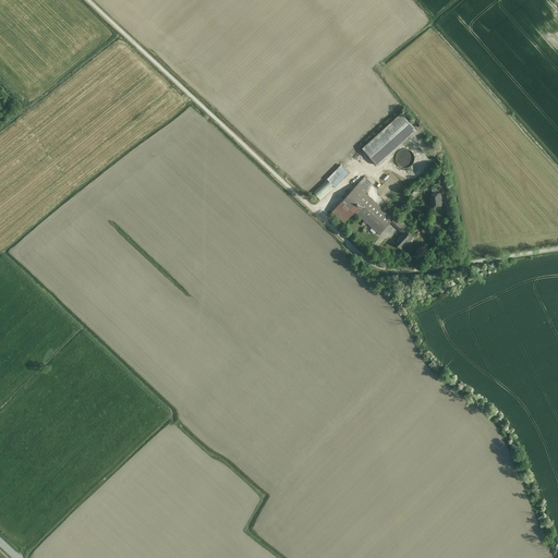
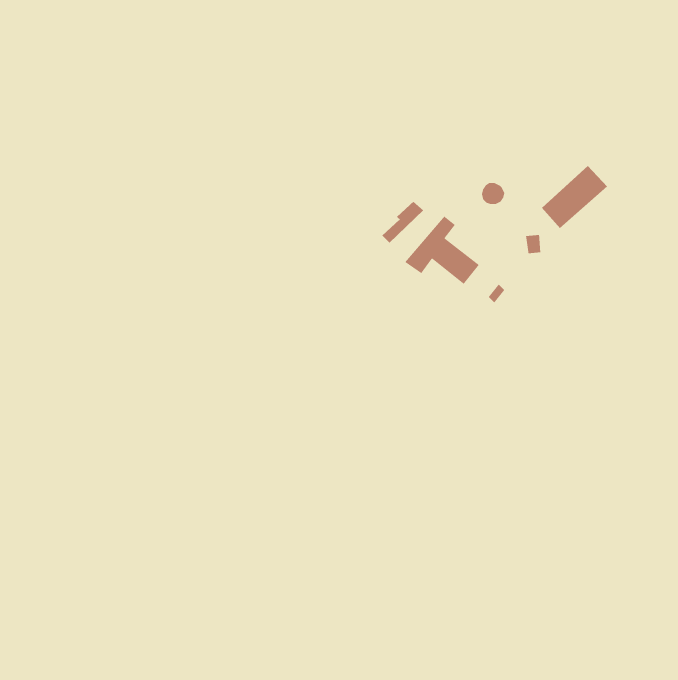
building: [362,113,416,166] -> [541,165,608,229]

